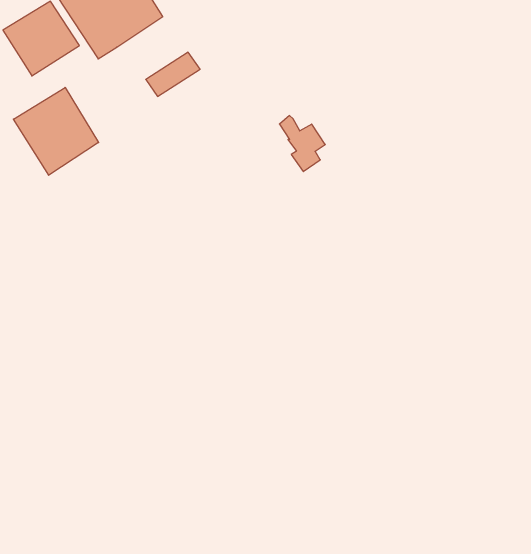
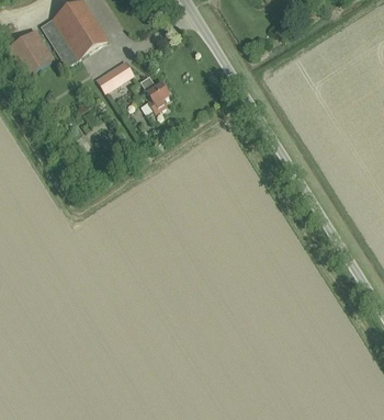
building: [13,87,99,175] -> none
building: [279,116,325,172] -> [139,76,169,112]

